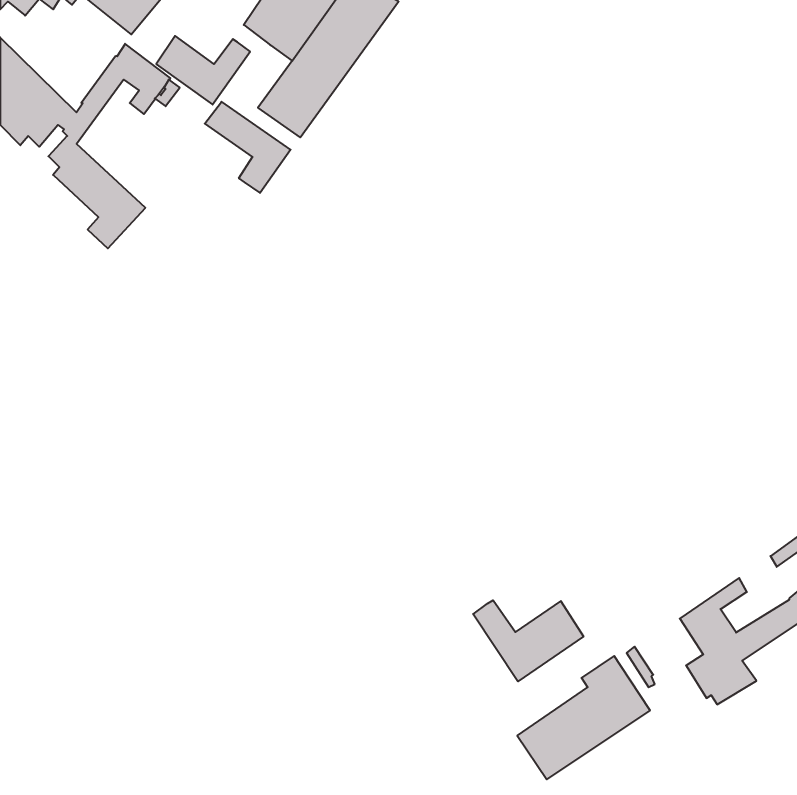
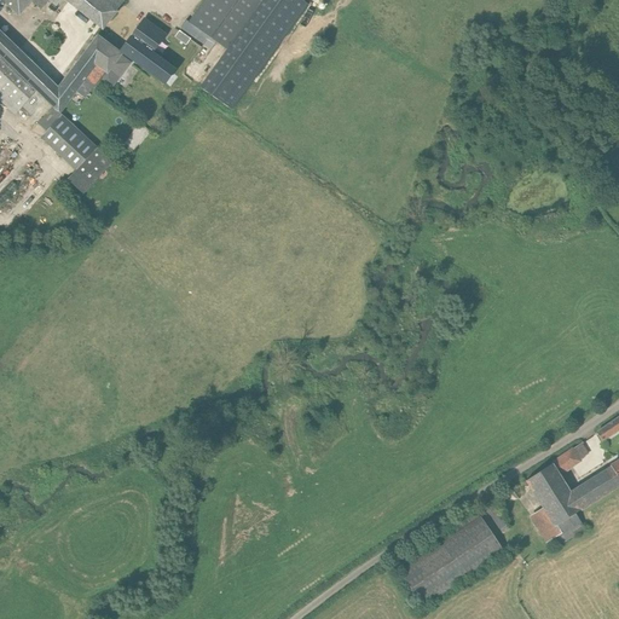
building: [205,102,291,193] -> none
building: [473,600,583,681] -> none

